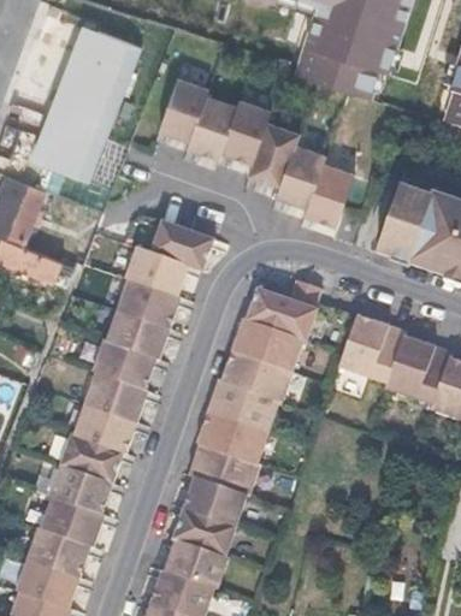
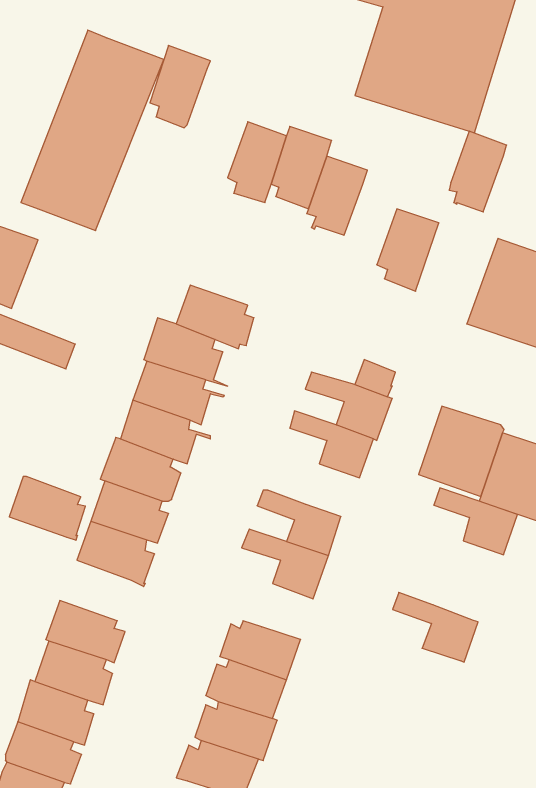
building: [161,77,208,141] -> [150,45,210,128]
building: [279,143,324,206] -> [449,131,507,212]
building: [227,350,292,402] -> [434,488,518,555]
building: [60,434,119,484] -> [9,477,85,540]
building: [194,443,260,497] -> [393,592,478,662]

